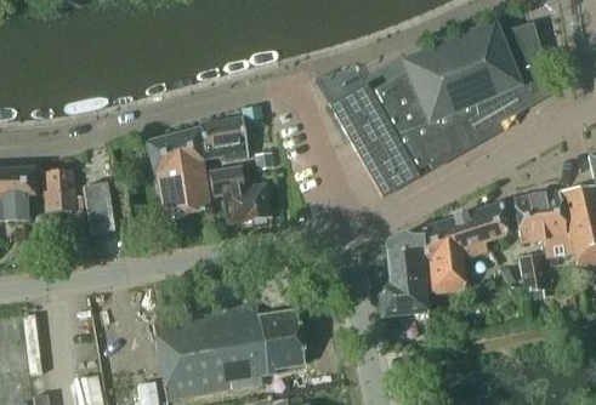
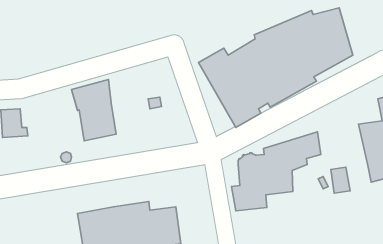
building: [200,115,249,160] -> none
building: [210,169,269,222] -> none
building: [83,181,114,233] -> none
building: [515,190,573,256] -> none

